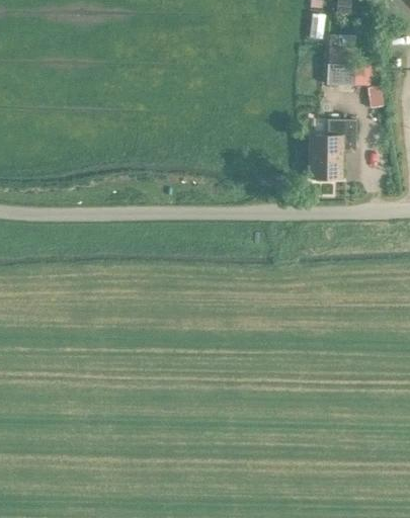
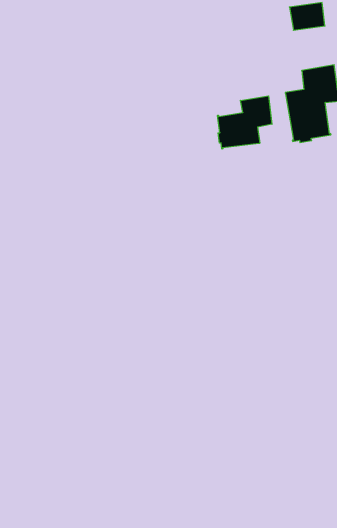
building: none -> [218,96,272,149]

